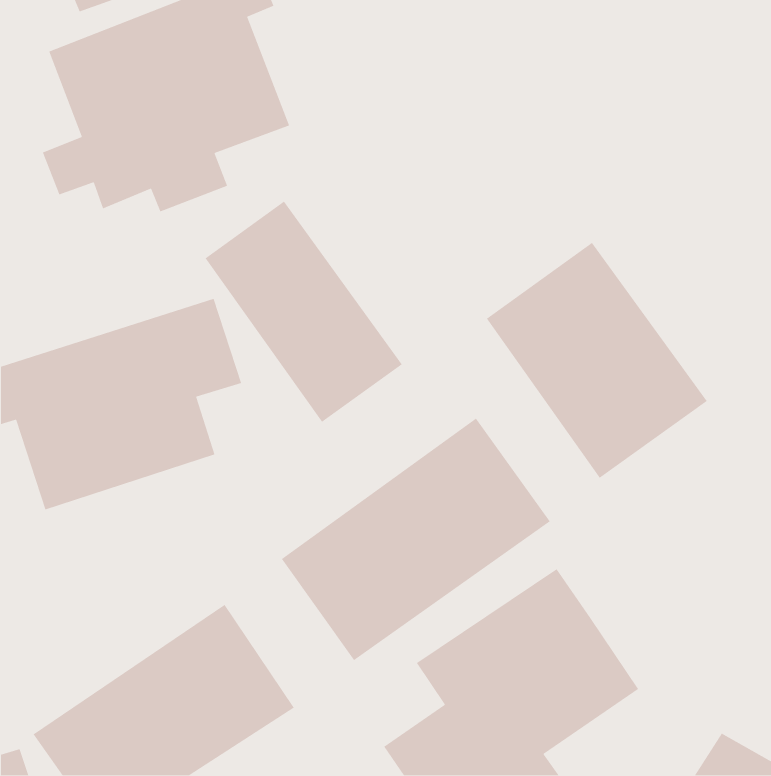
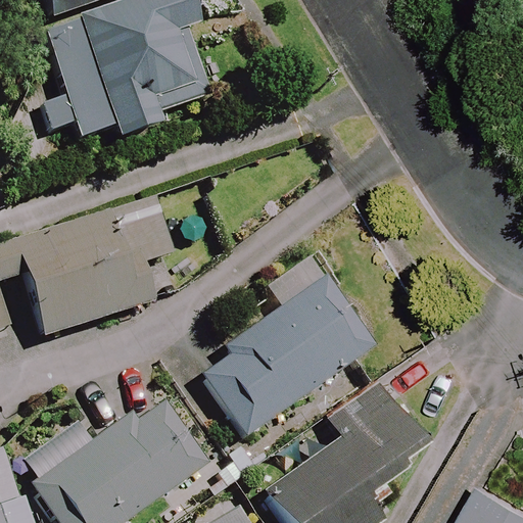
building: [205,201,403,423] -> none
building: [486,242,708,479] -> none

